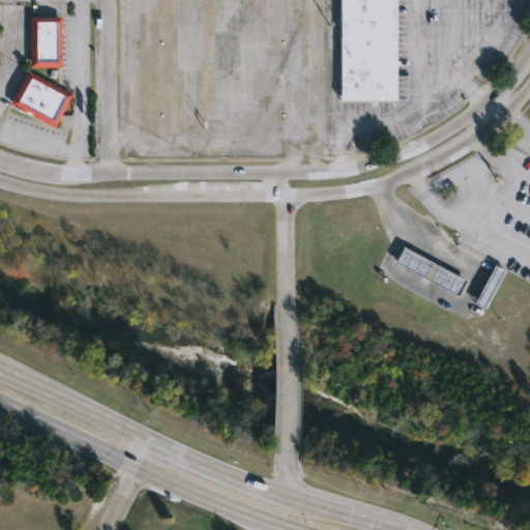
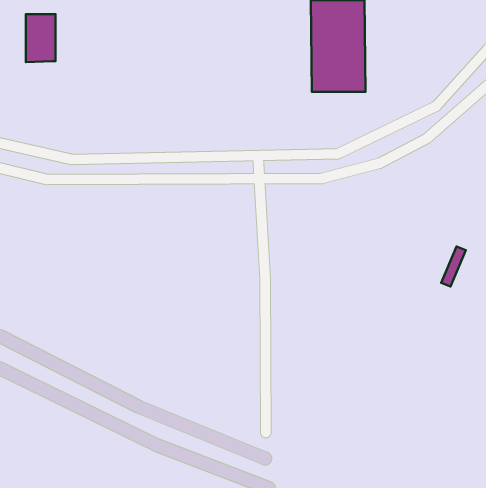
building: [10,70,72,128] -> none
building: [399,247,469,296] -> none

